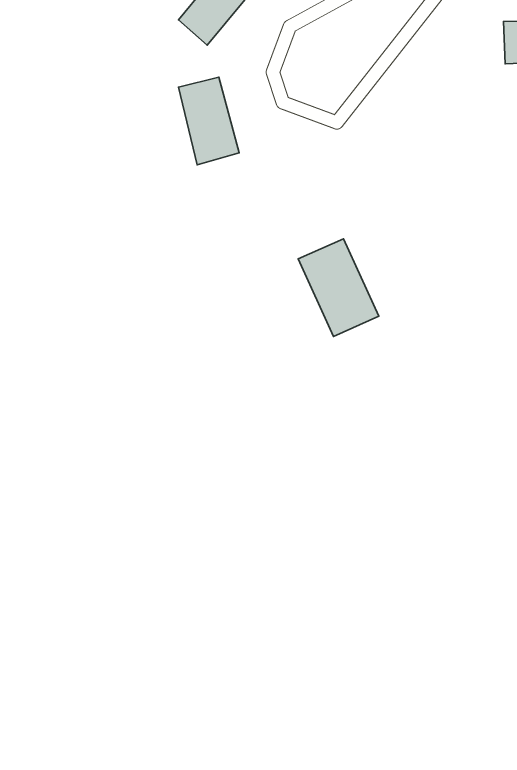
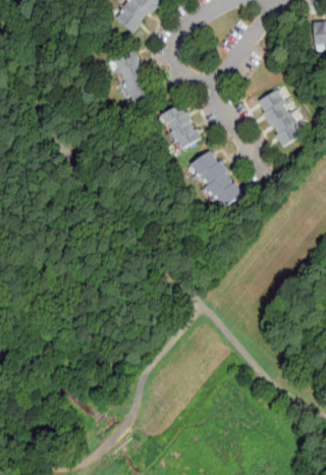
building: none -> [256,91,302,144]
building: none -> [161,106,203,151]

